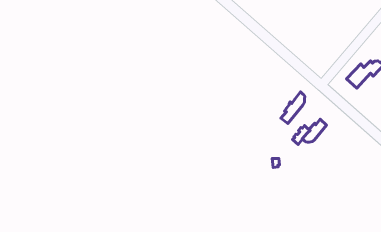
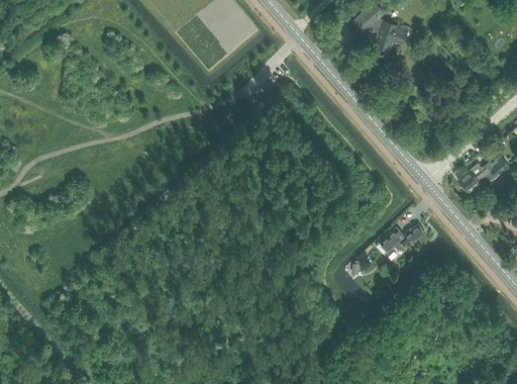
building: [281,92,305,123] -> none

